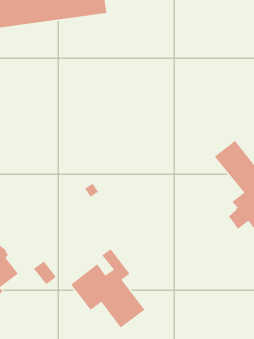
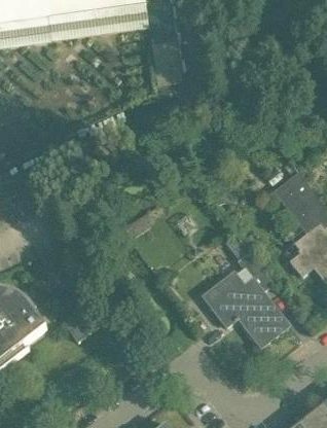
building: [70,248,145,328] -> [201,251,288,345]

